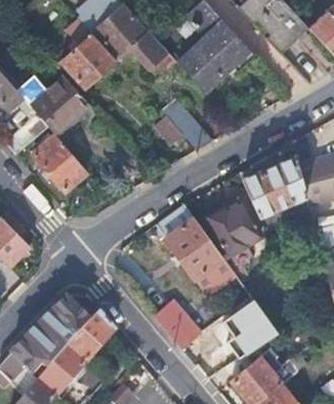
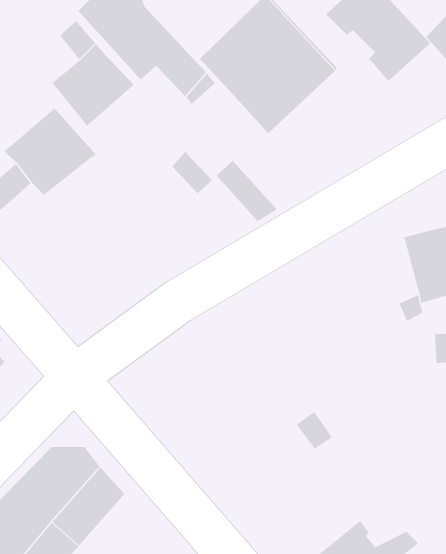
building: [32,134,88,192] -> none
building: [241,156,305,218] -> none
building: [206,202,260,255] -> none
building: [155,205,234,296] -> none
building: [215,300,277,368] -> none
building: [153,306,205,365] -> none

